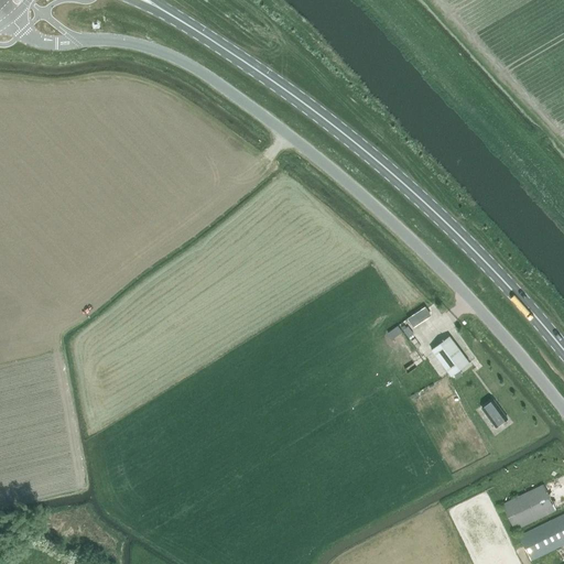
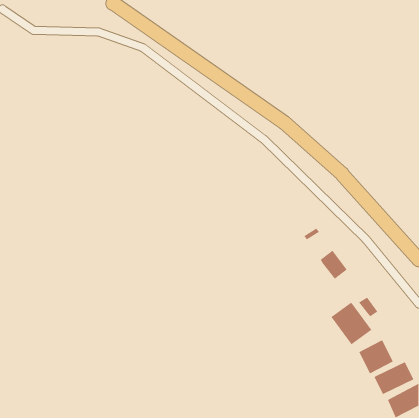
building: none -> [331,301,372,345]
building: none -> [359,340,394,374]

